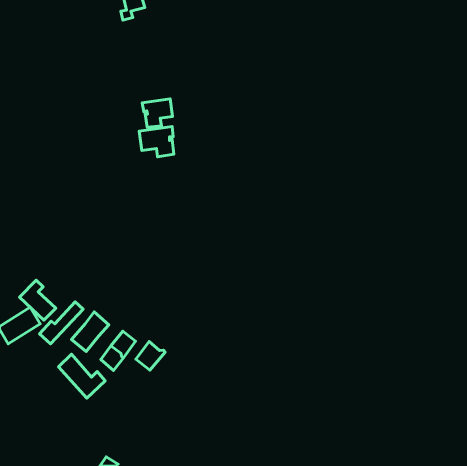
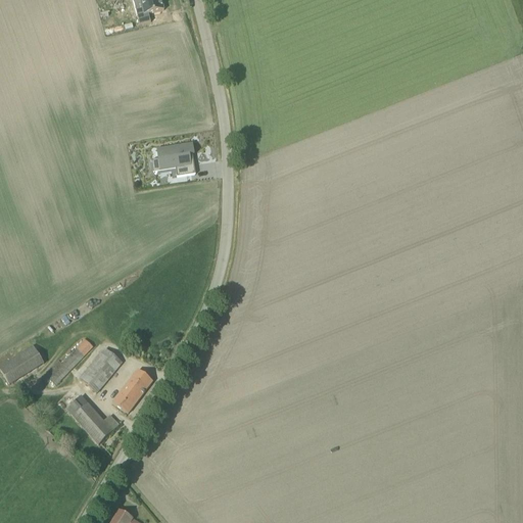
building: [142,99,173,127] -> none
building: [20,280,56,320] -> none
building: [136,342,165,370] -> none

